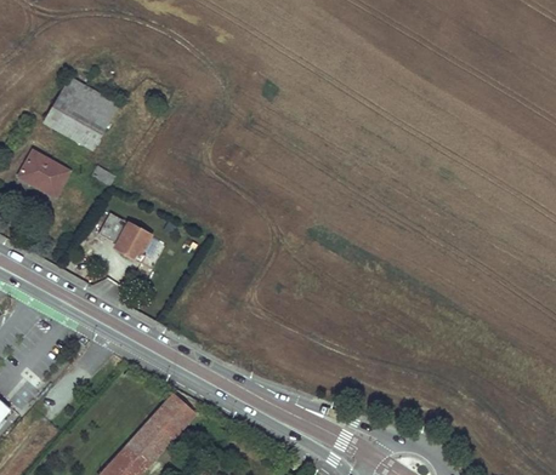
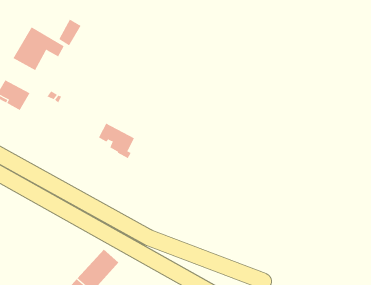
building: [76,110,109,149] -> [58,19,81,46]
building: [100,213,152,264] -> [98,123,135,159]

